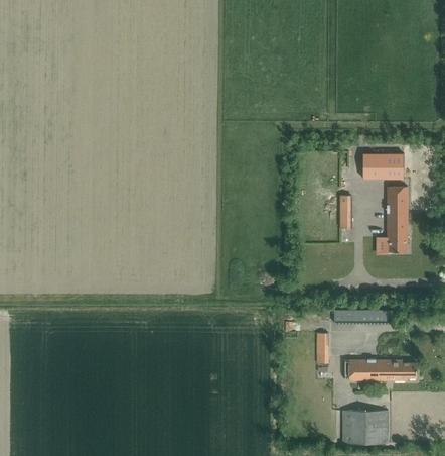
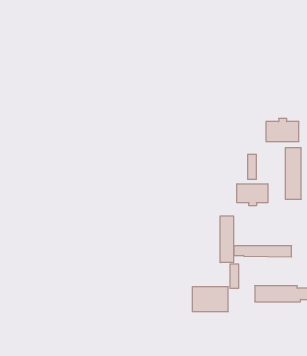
building: none -> [237,184,268,206]
building: none -> [220,216,233,263]
building: [342,411,388,442] -> [192,287,228,312]

